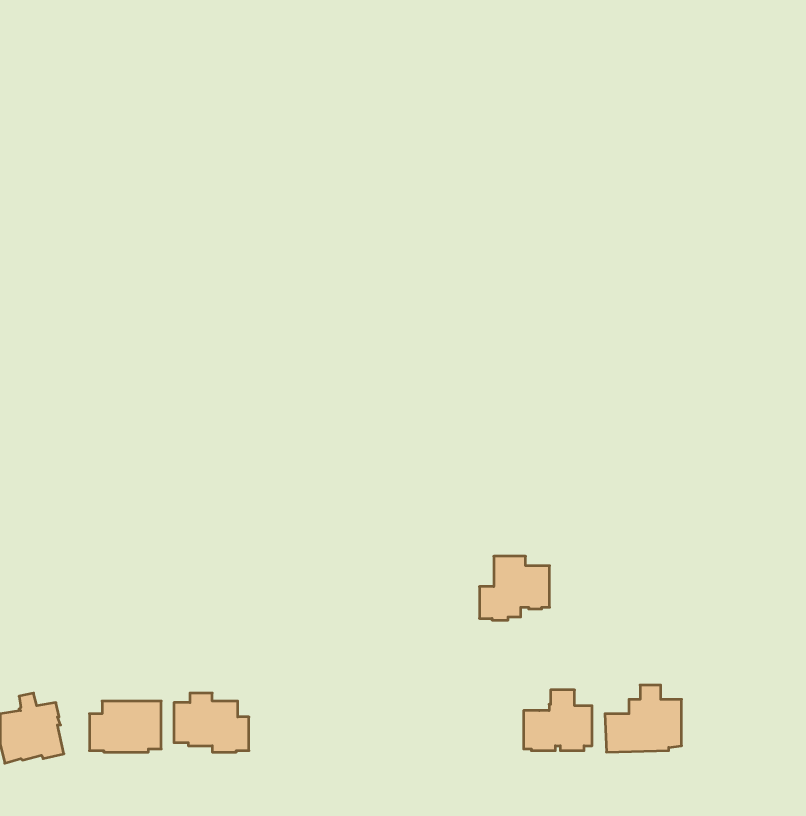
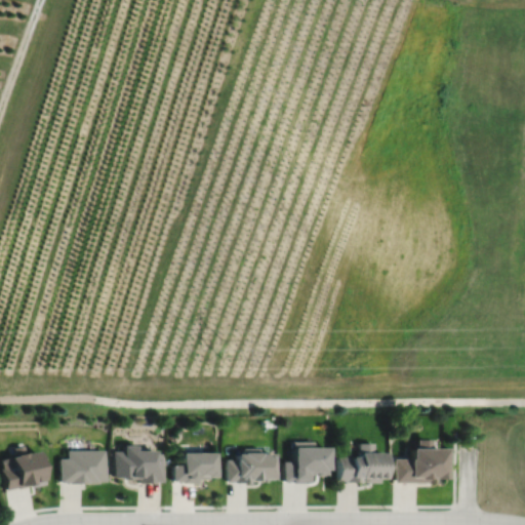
building: [479,556,550,620] -> [287,442,332,483]
building: none -> [231,448,278,483]
building: none -> [177,453,218,483]

